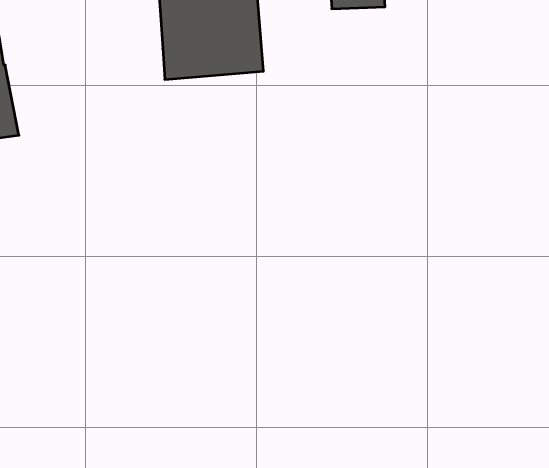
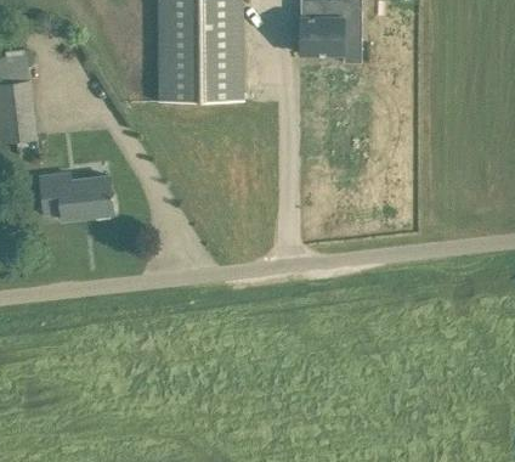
building: none -> [41,173,114,219]

